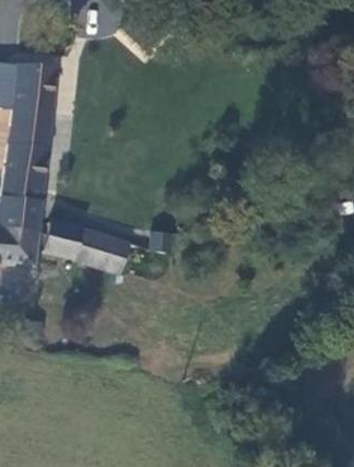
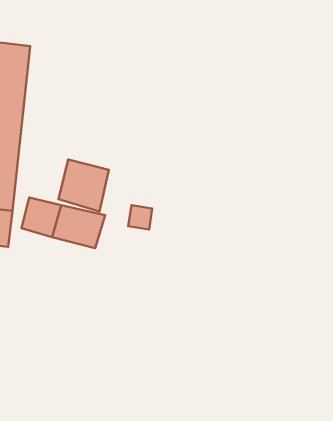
building: none -> [58,159,109,211]

